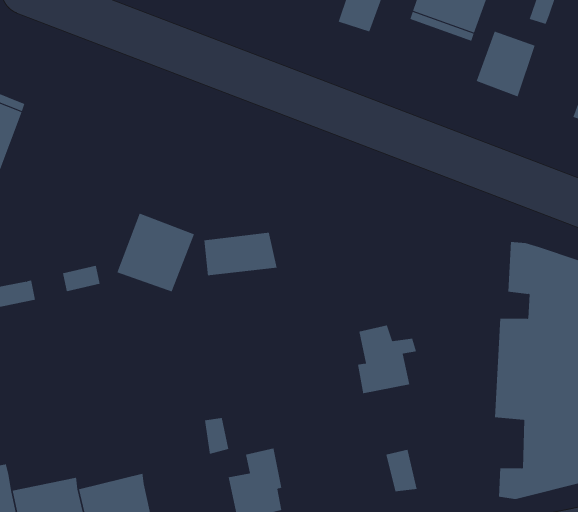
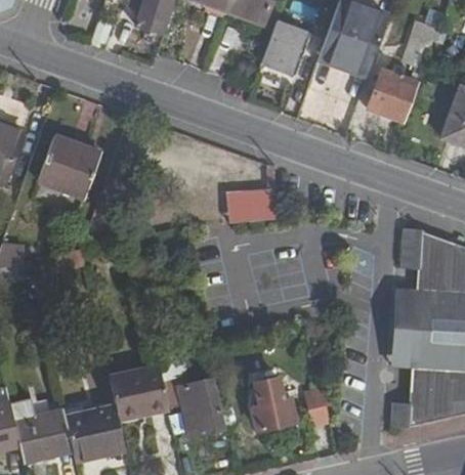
building: [117,213,195,292] -> [38,133,98,195]
building: [203,232,278,276] -> [223,189,281,223]
building: [357,325,417,394] -> [254,382,300,435]
building: none -> [108,365,168,418]

